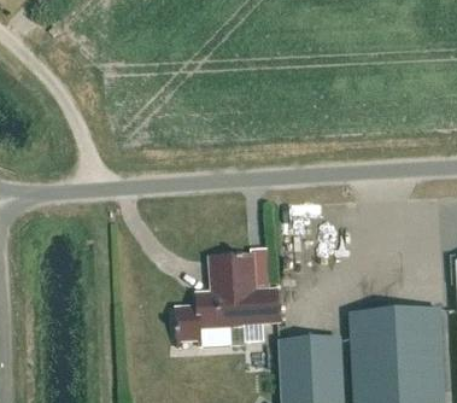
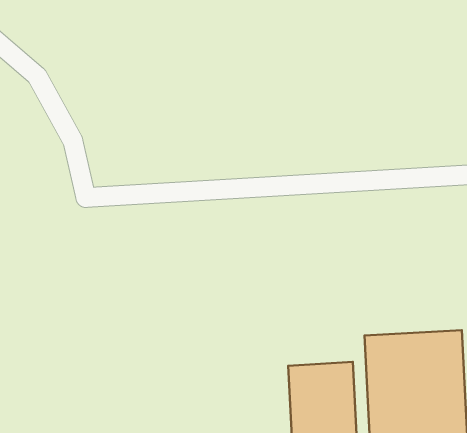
building: [176,253,279,341] -> none

